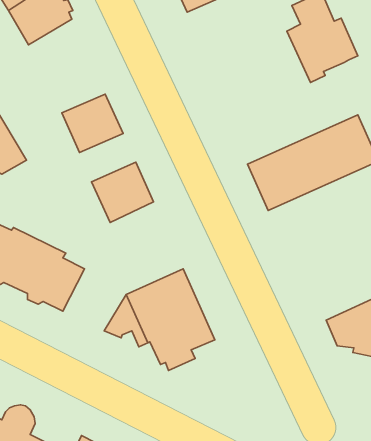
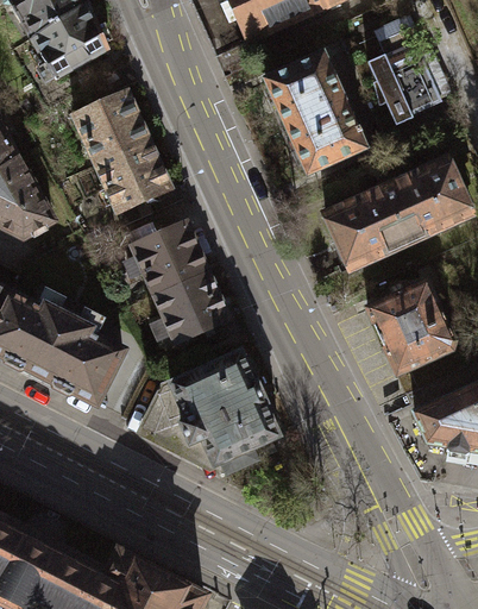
building: none -> [260,54,361,175]
building: none -> [75,89,149,159]
building: none -> [155,266,228,338]
building: none -> [360,280,455,381]

